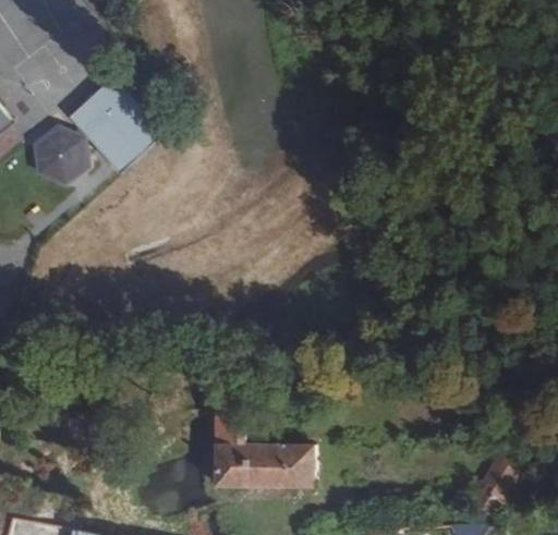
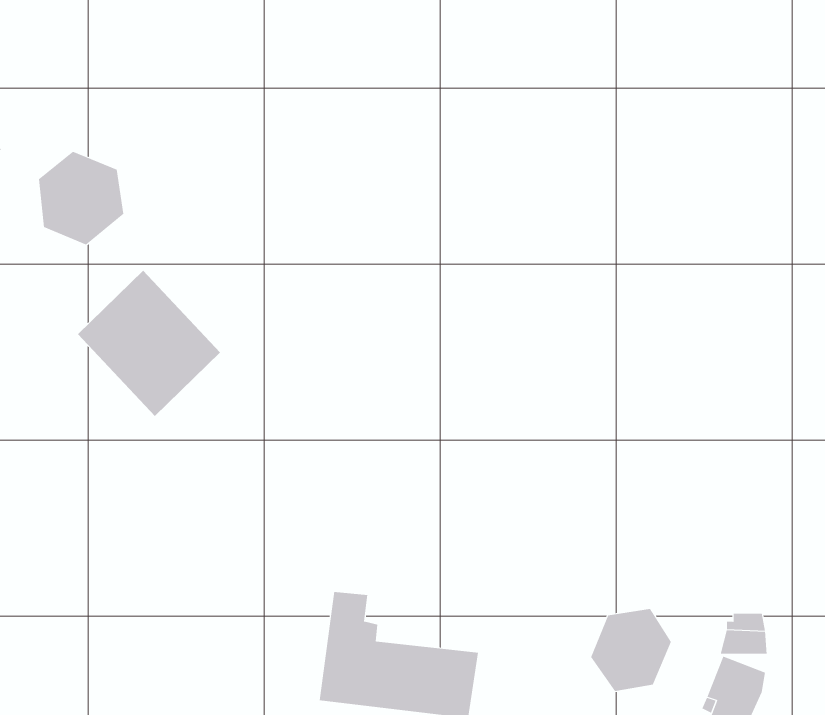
building: [70,72,165,169] -> [77,270,221,417]
building: none -> [590,608,672,692]

